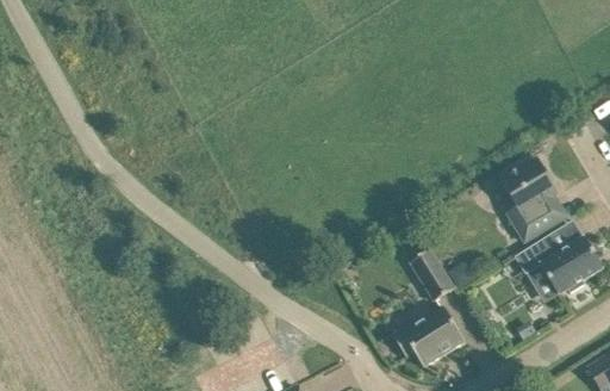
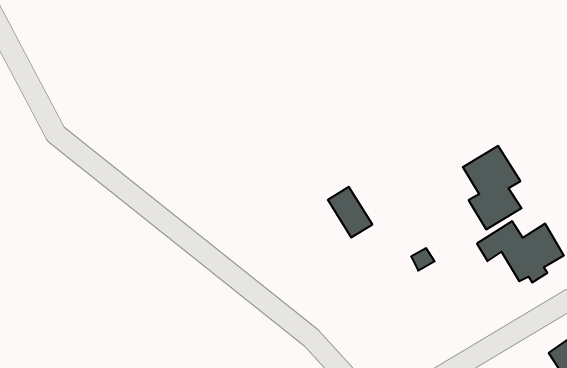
building: [409,249,454,300] -> [328,187,372,237]
building: [396,303,465,366] -> none

